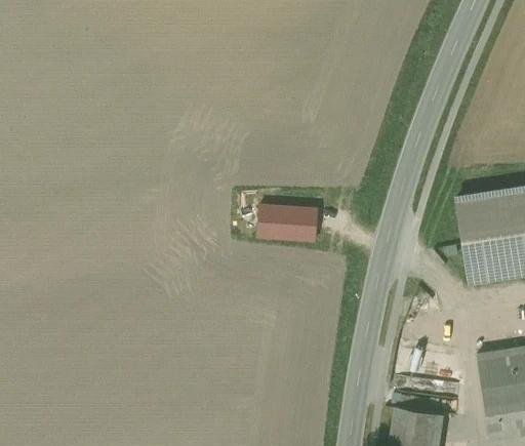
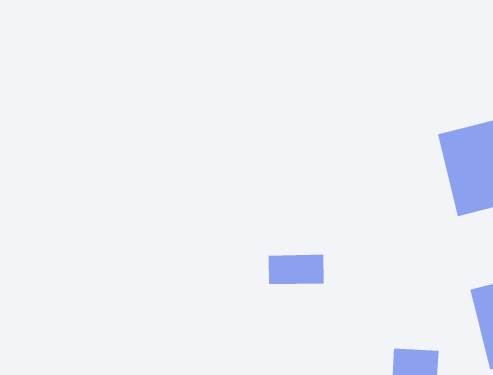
building: [261,207,320,240] -> [268,254,324,284]

